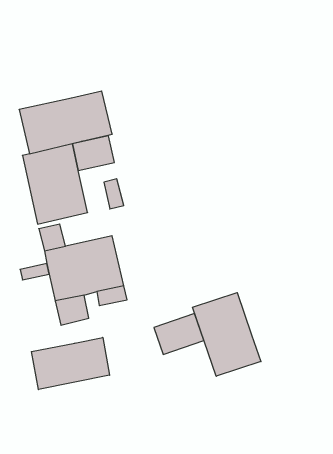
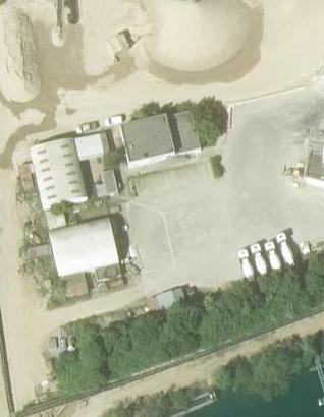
building: [19,91,112,154] -> [119,109,201,164]
building: [193,293,261,376] -> none
building: [31,337,110,390] -> none

